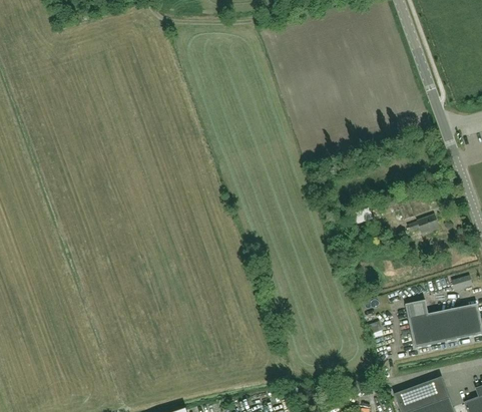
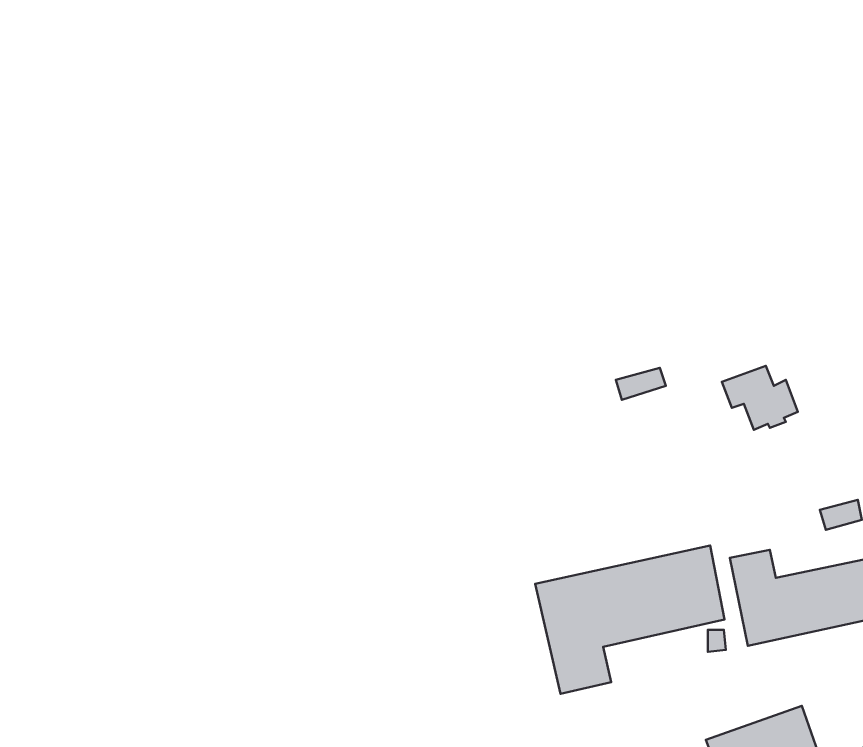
building: none -> [535,546,725,694]

